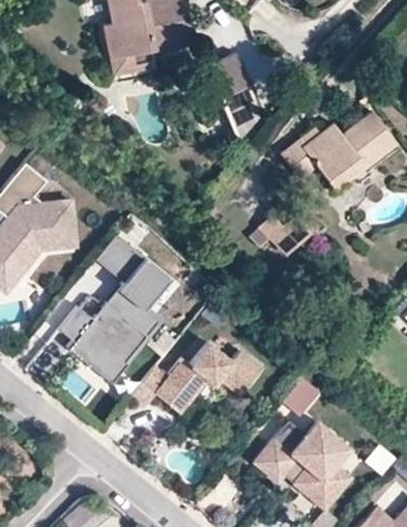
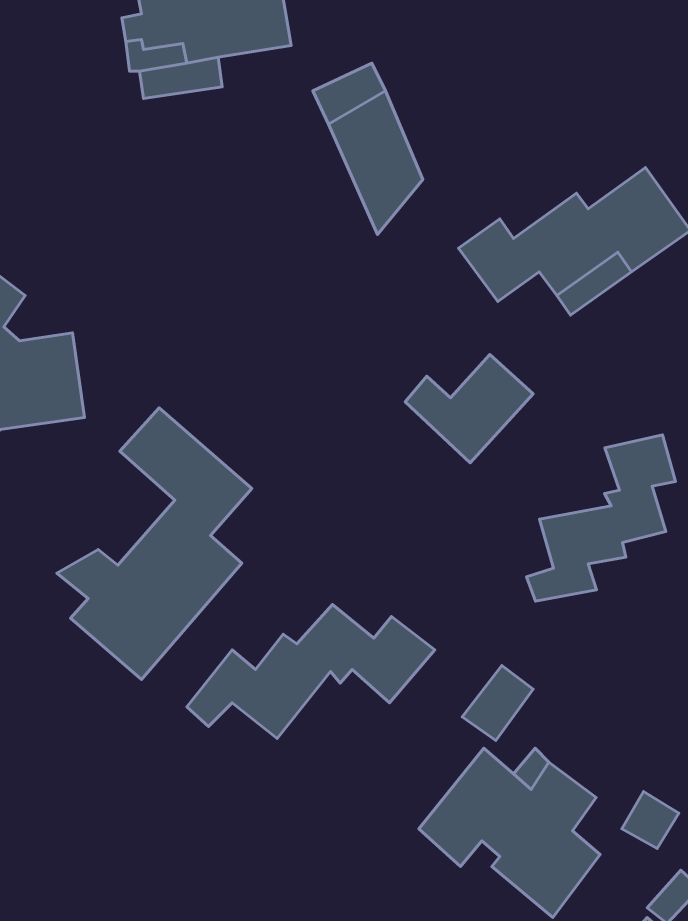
building: none -> [527,435,676,601]

